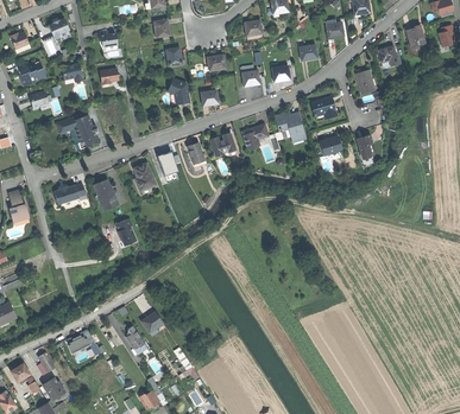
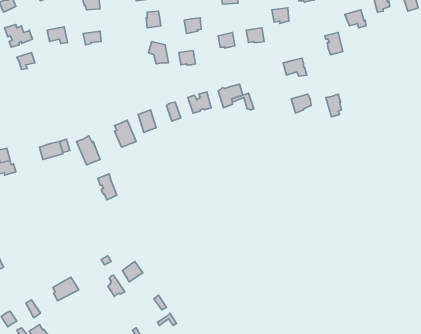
building: [275,112,305,141] -> none
building: [56,115,99,147] -> none

